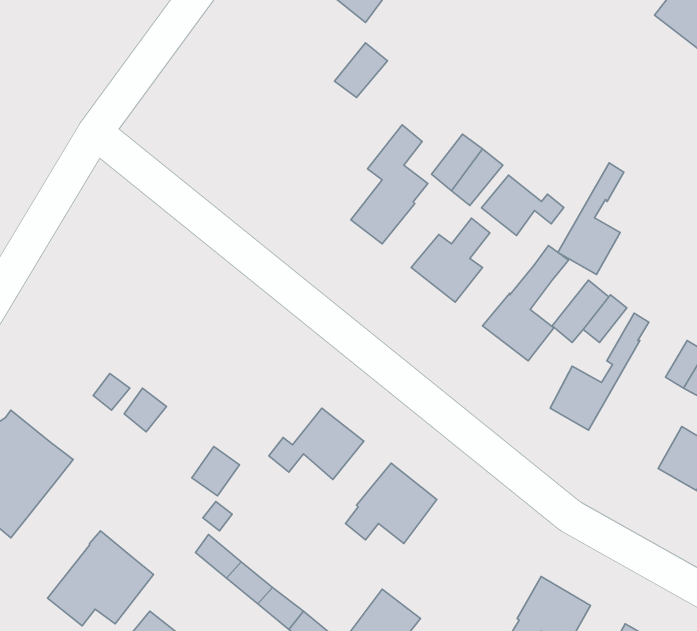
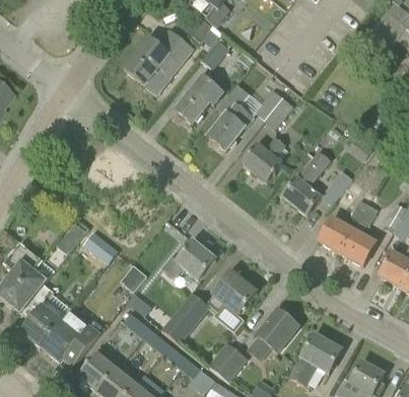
building: none -> [124,30,193,94]
building: none -> [176,76,223,124]
building: [558,163,624,274] -> [341,204,378,265]
building: [482,175,564,236] -> none
building: none -> [20,284,71,346]
building: none -> [161,301,202,343]
building: none -> [249,309,298,360]

